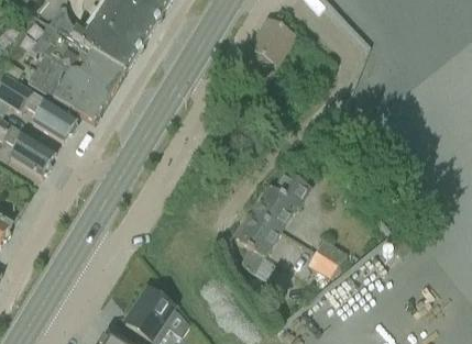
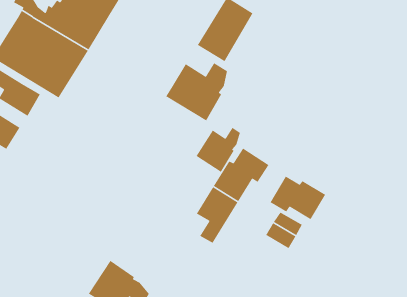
building: none -> [165,62,228,122]
building: none -> [195,127,241,173]
building: none -> [269,176,326,220]

